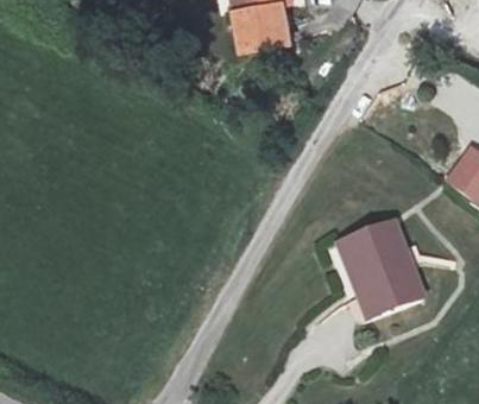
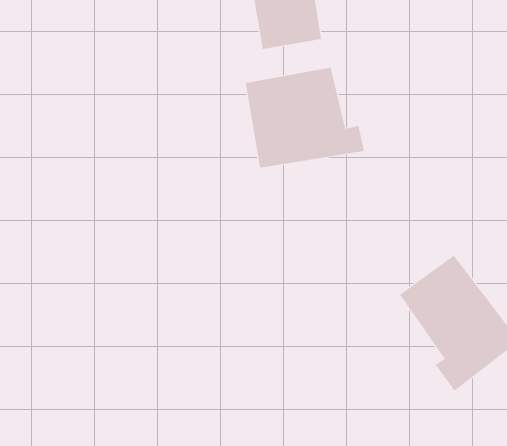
building: none -> [245,67,364,169]

